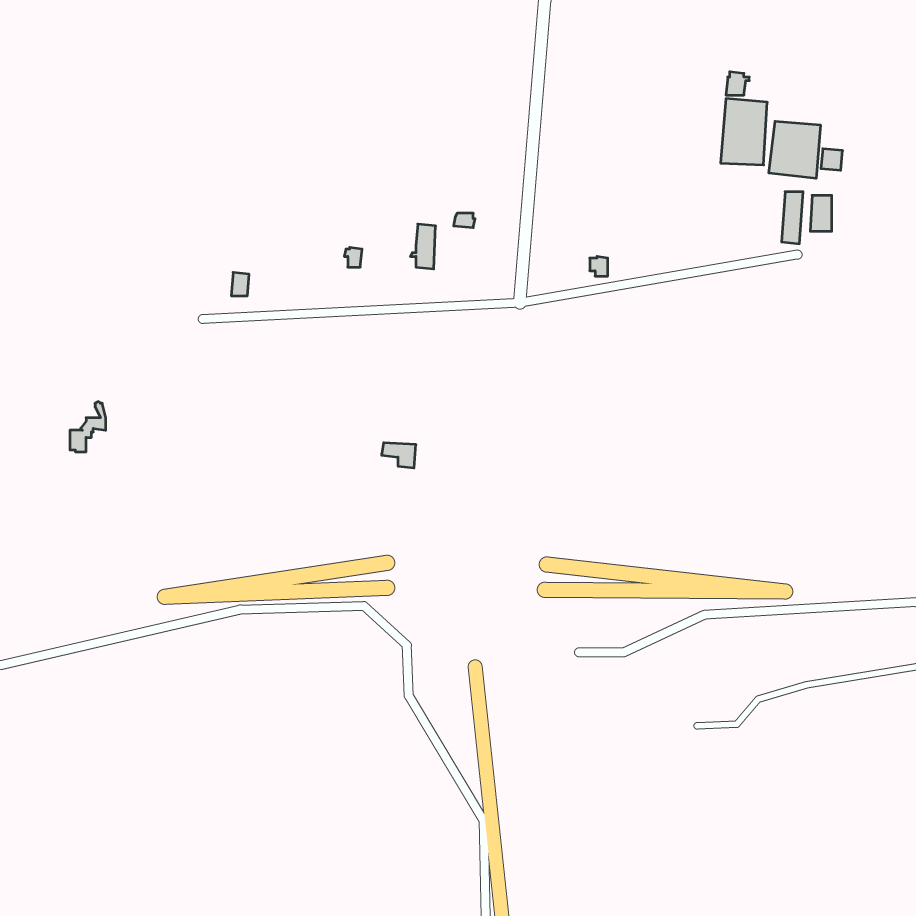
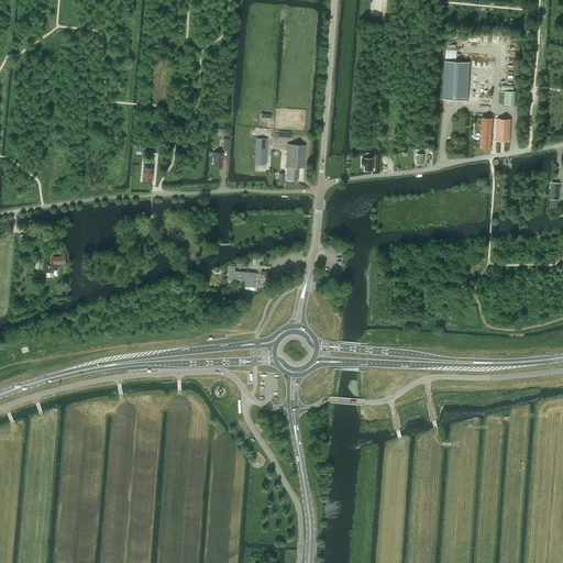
building: [769,121,820,178] -> none
building: none -> [286,144,305,180]

